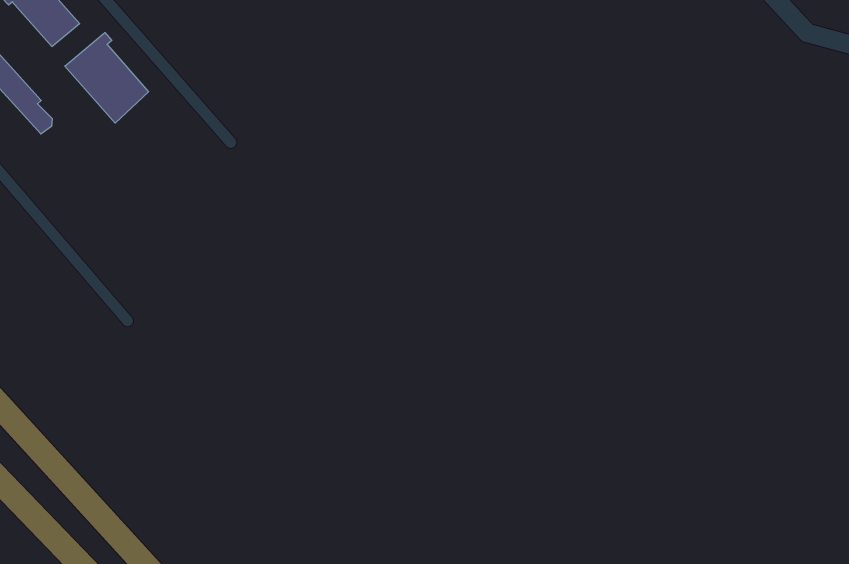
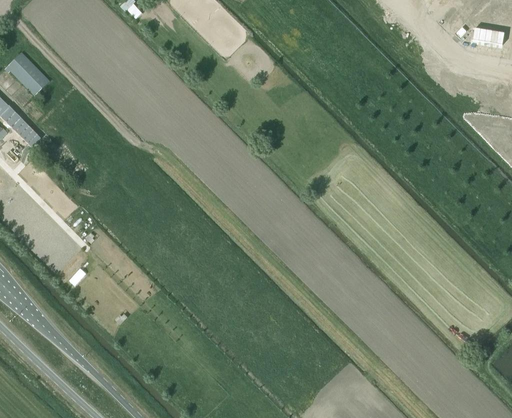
building: [65,33,149,123] -> none

